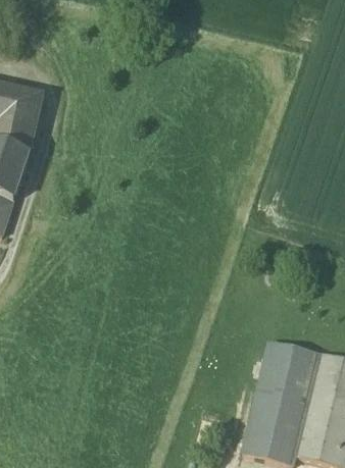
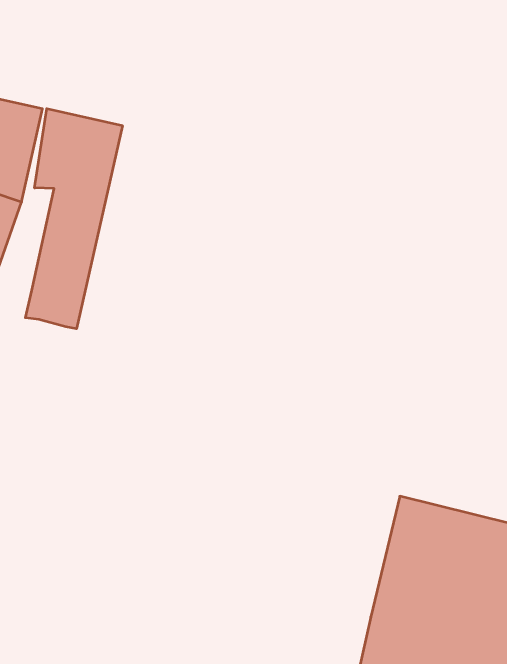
building: none -> [25,109,122,329]

